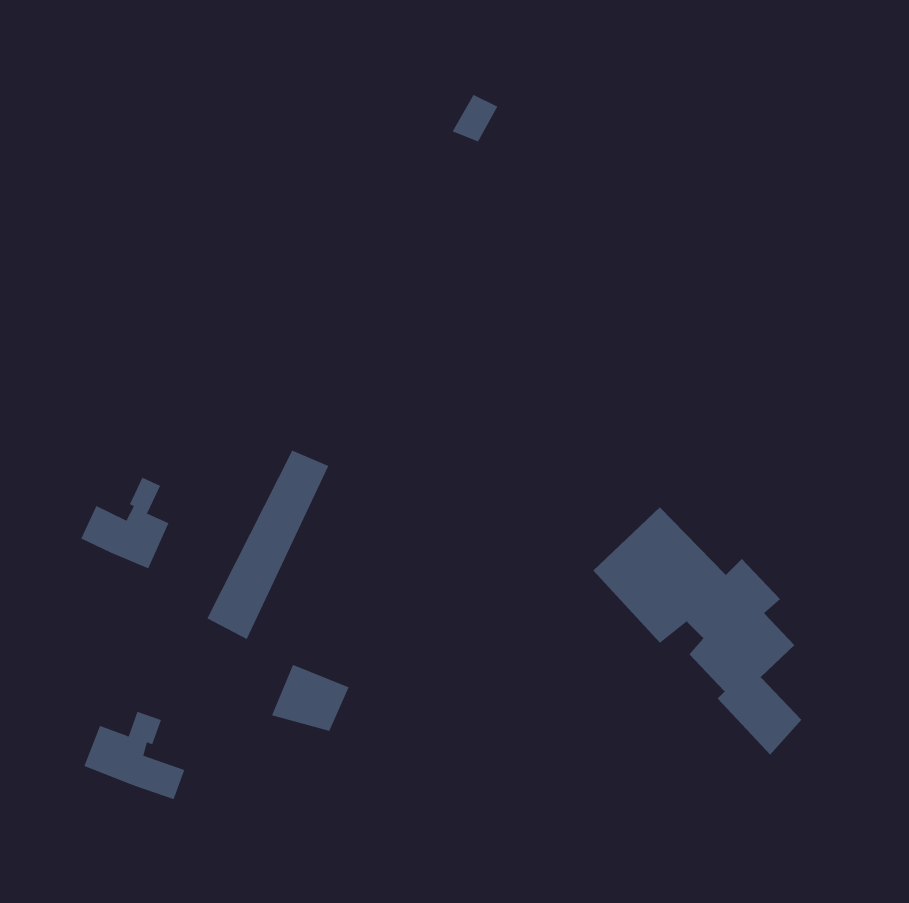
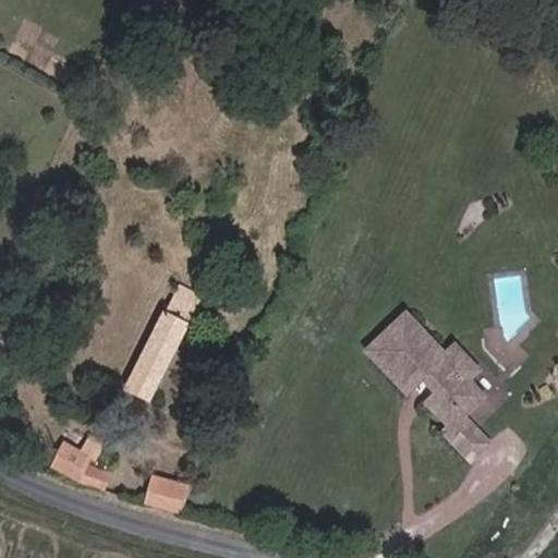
building: [80,477,169,569] -> none
building: [271,664,349,732] -> [146,472,194,513]

